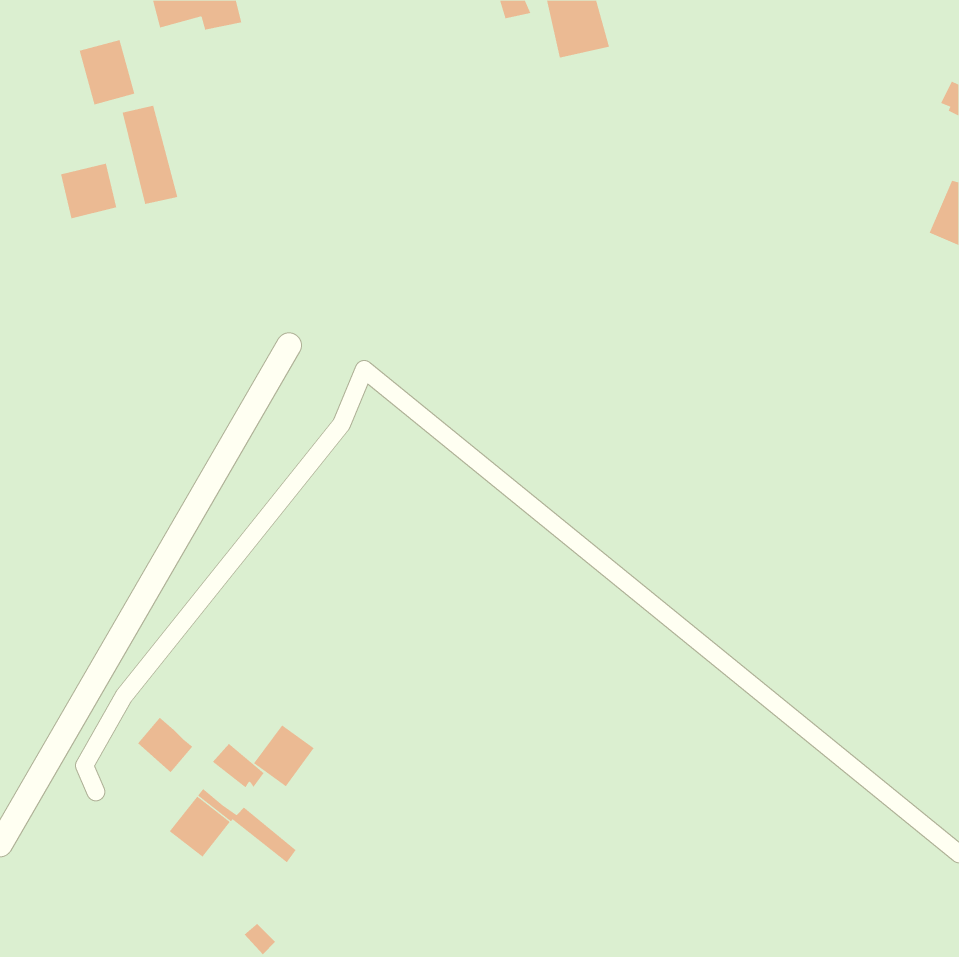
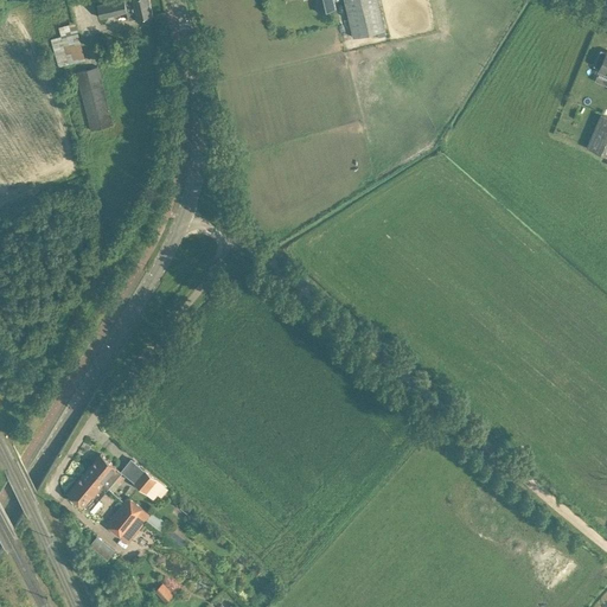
building: [60,163,117,219] -> none
building: [253,724,314,787] -> none
building: none -> [68,471,108,512]

